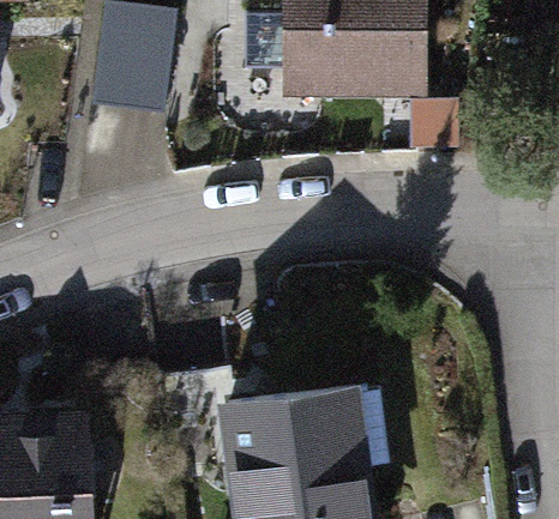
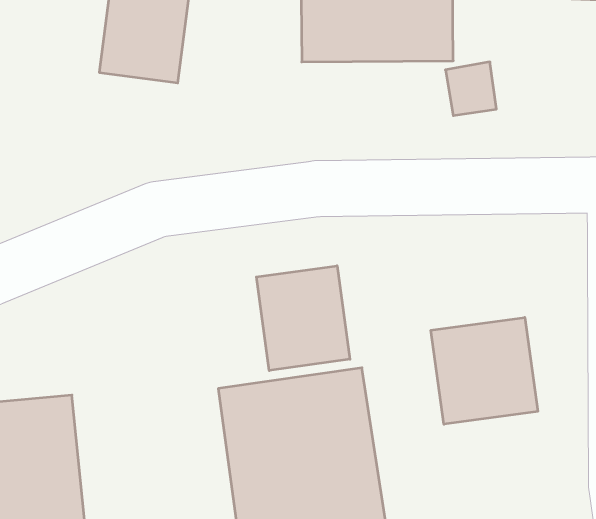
building: none -> [256,266,350,371]
building: none -> [431,317,538,424]

